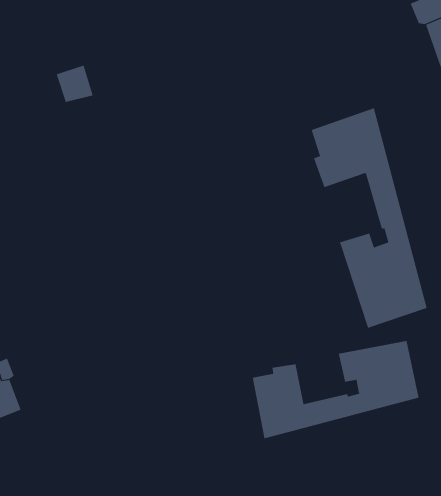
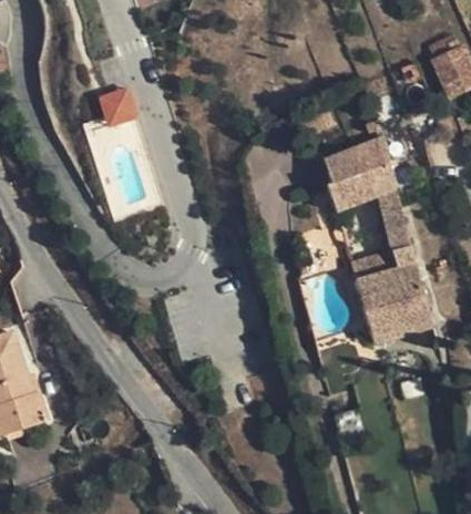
building: [252,340,419,439] -> none

